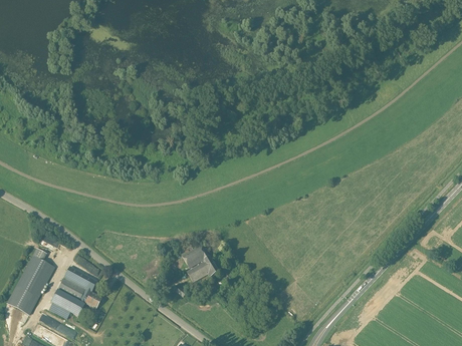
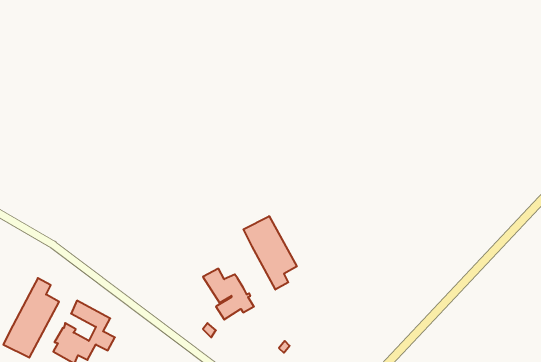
building: none -> [243,216,297,290]

